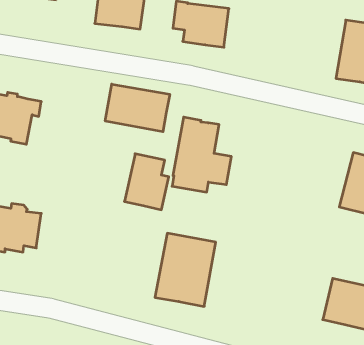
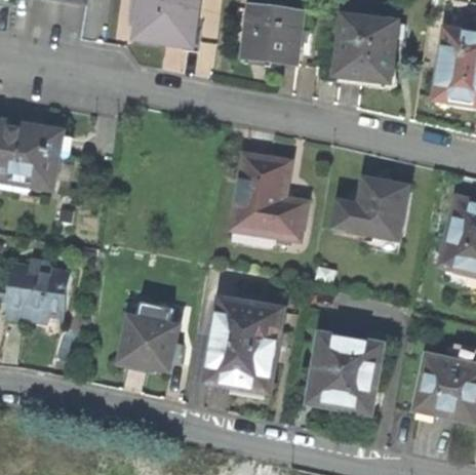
building: none -> [334,15,396,89]
building: [105,84,170,132] -> none
building: none -> [332,176,405,247]
building: [124,154,169,210] -> [125,296,181,366]
building: none -> [312,329,385,407]

